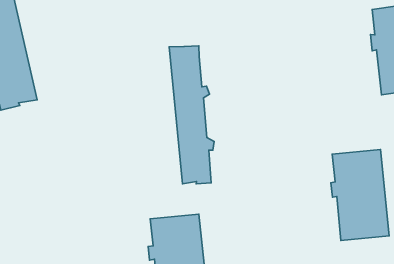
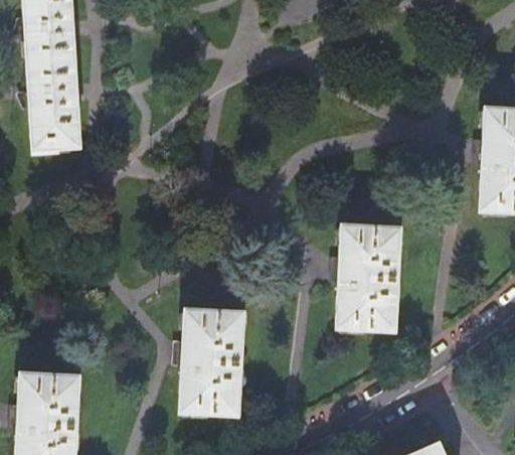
building: [169,46,214,184] -> none
building: [331,149,389,240] -> [336,224,401,331]

